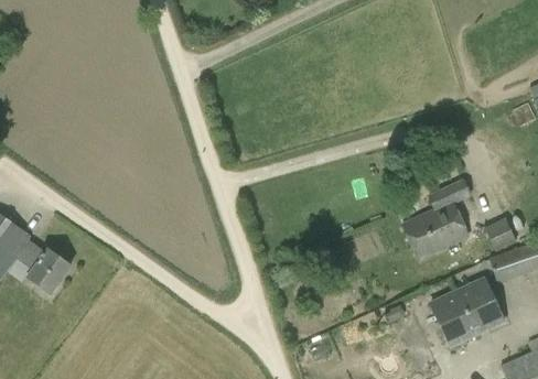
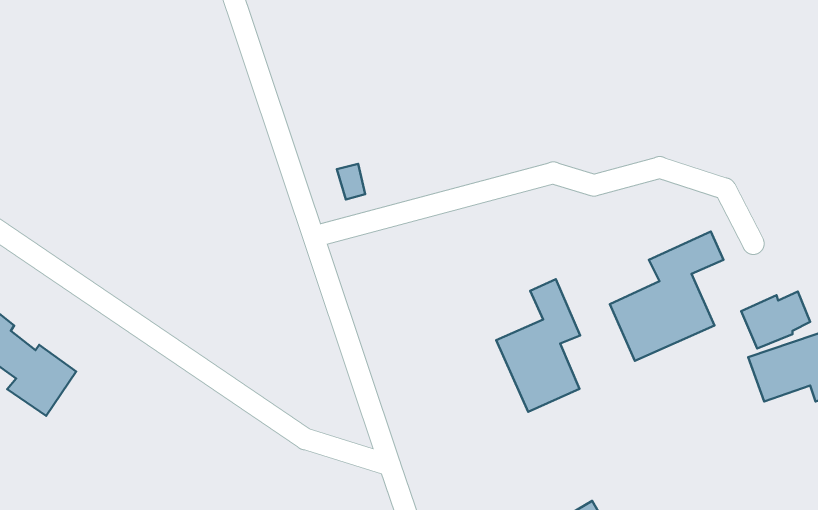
building: none -> [496,279,580,412]
building: [429,277,504,346] -> none

